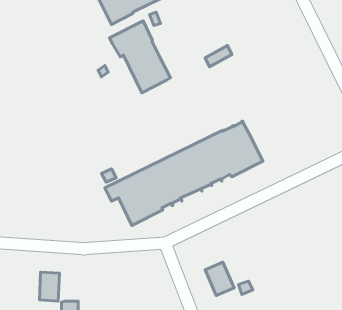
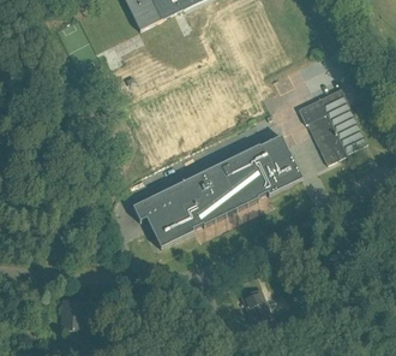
building: [109,21,171,93] -> none
building: none -> [298,88,367,164]

